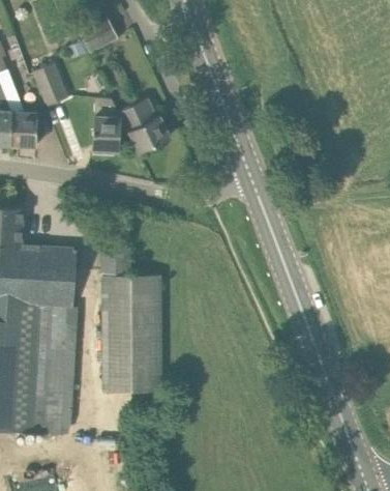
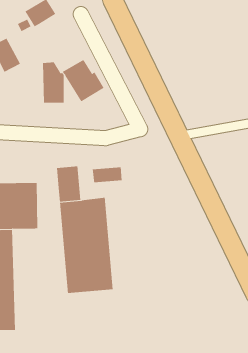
building: none -> [92,166,122,183]
building: [33,306,77,435] -> none

